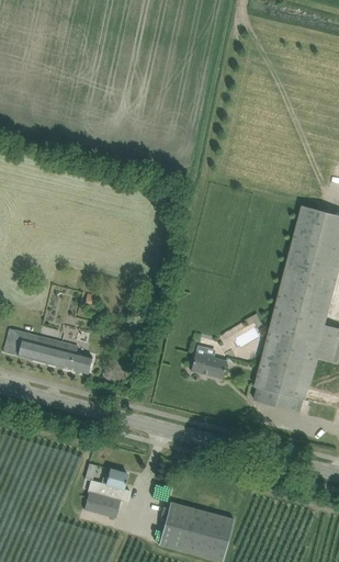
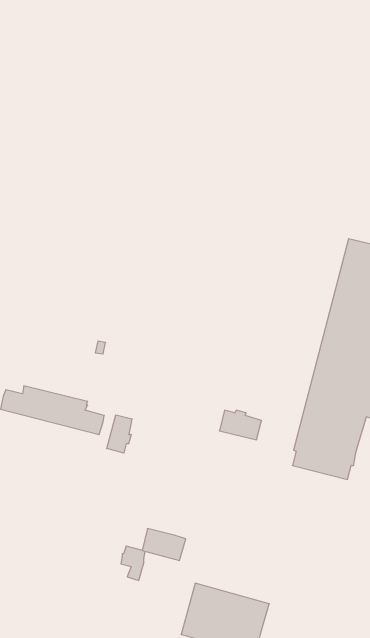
building: none -> [107,415,132,453]
building: [84,490,122,517] -> [142,529,186,561]

